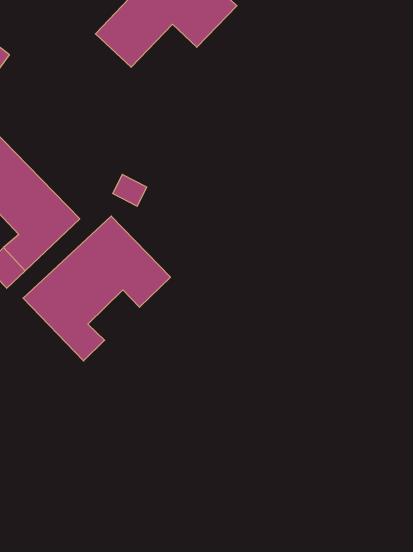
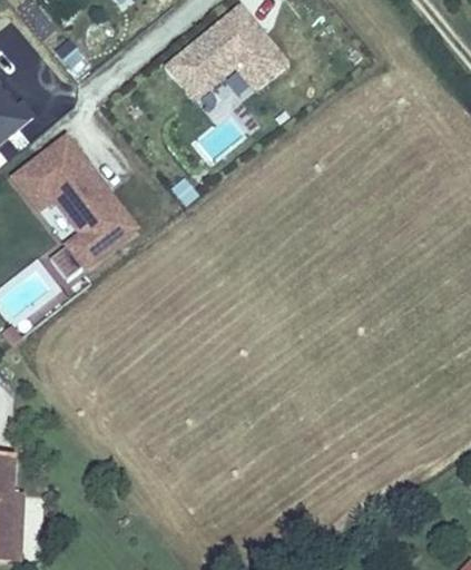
building: [23,216,170,361] -> none

